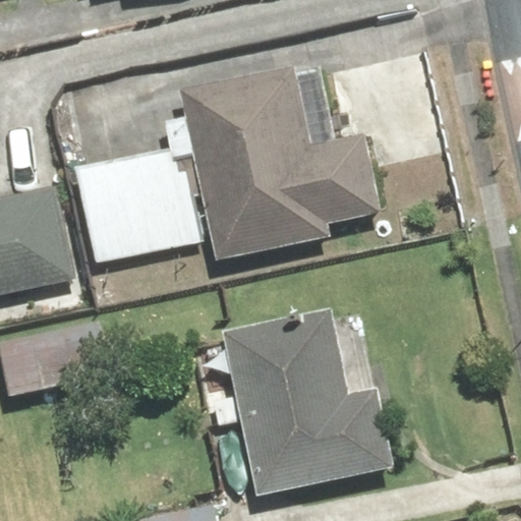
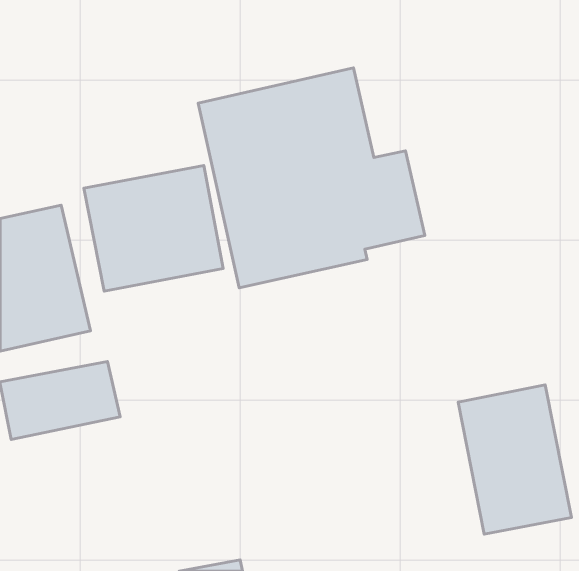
building: [222,310,393,496] -> none
building: none -> [458,385,572,534]

